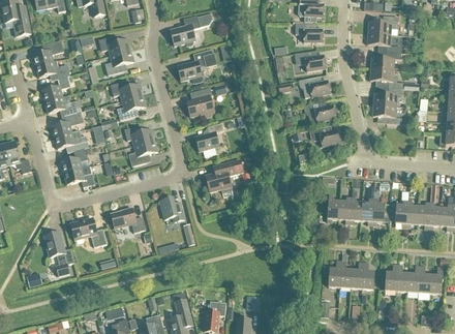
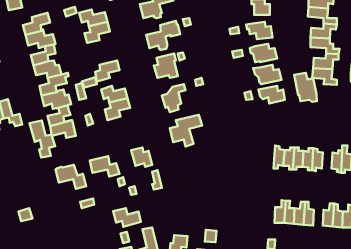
building: [110,81,143,100] -> none
building: none -> [294,73,317,102]
building: [44,232,74,275] -> [30,121,55,158]
building: none -> [113,208,141,227]

